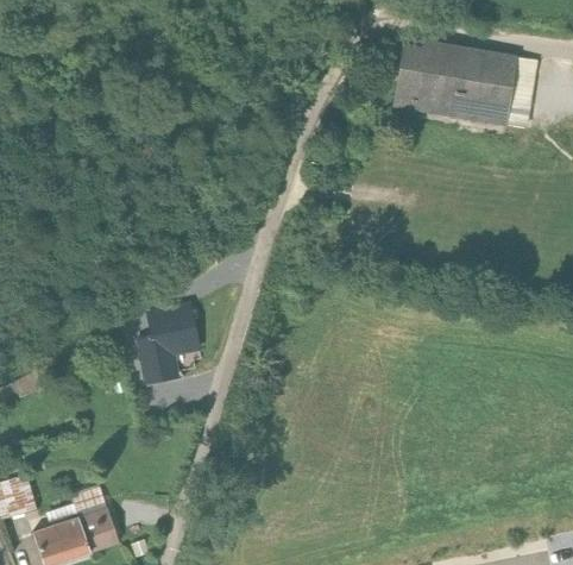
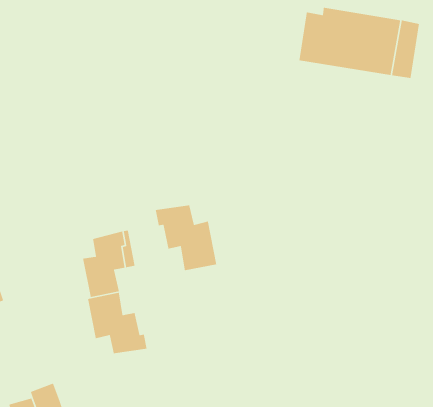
building: none -> [155,205,217,271]
building: none -> [87,292,147,354]

